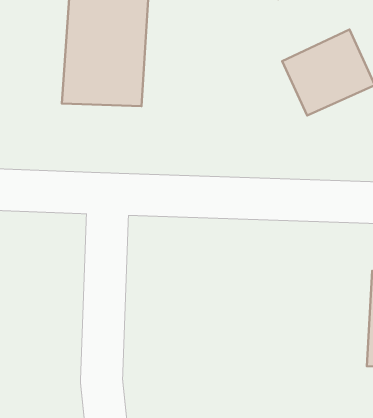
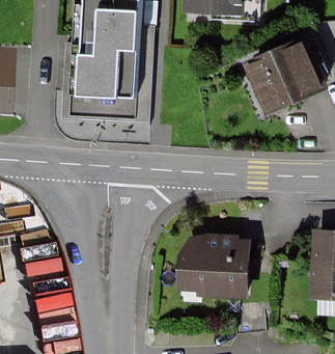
building: none -> [185,238,250,292]

